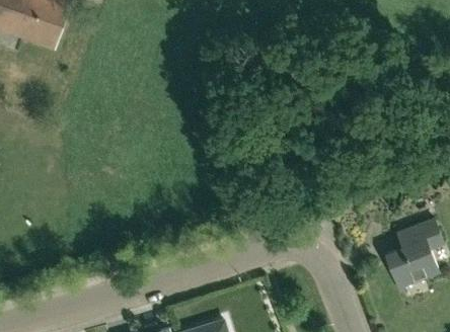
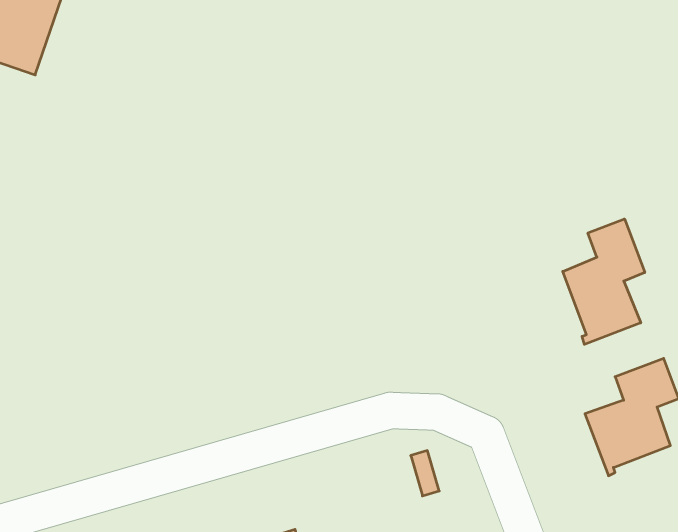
building: none -> [563,219,645,344]

